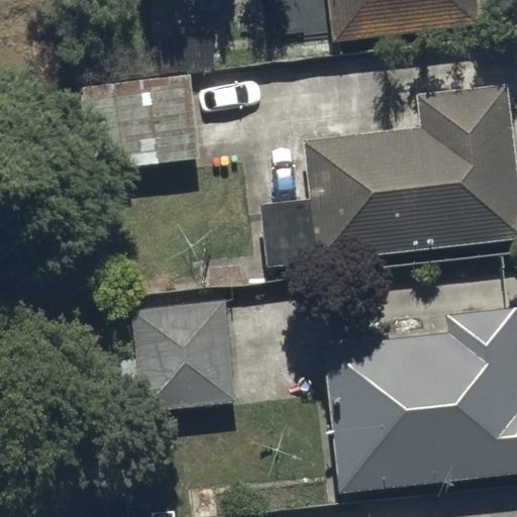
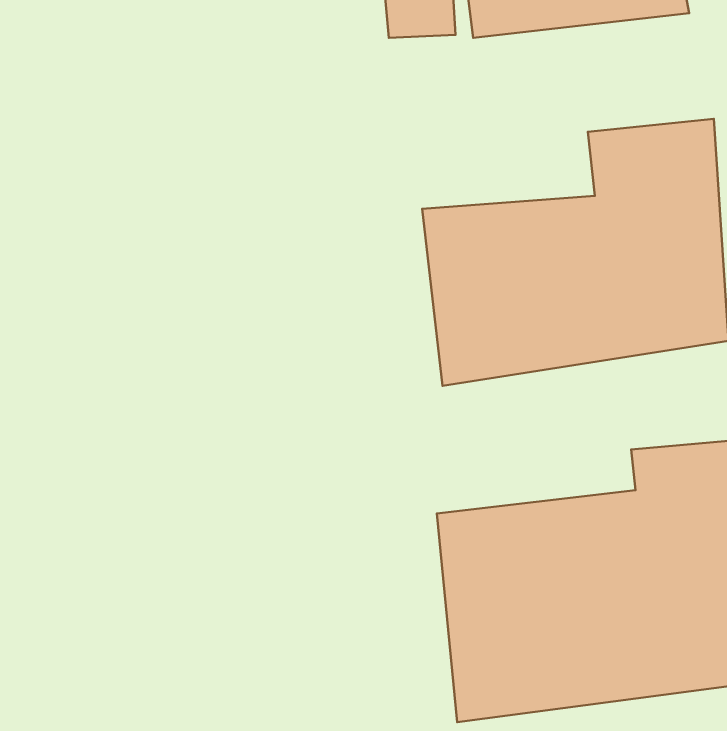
building: [87,64,203,172] -> none
building: [120,291,241,396] -> none

